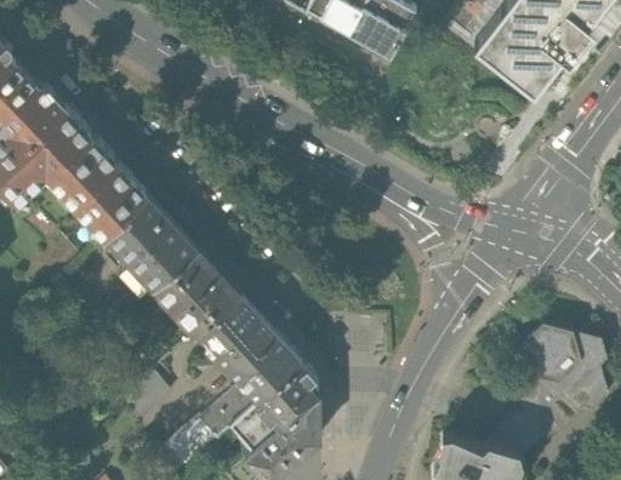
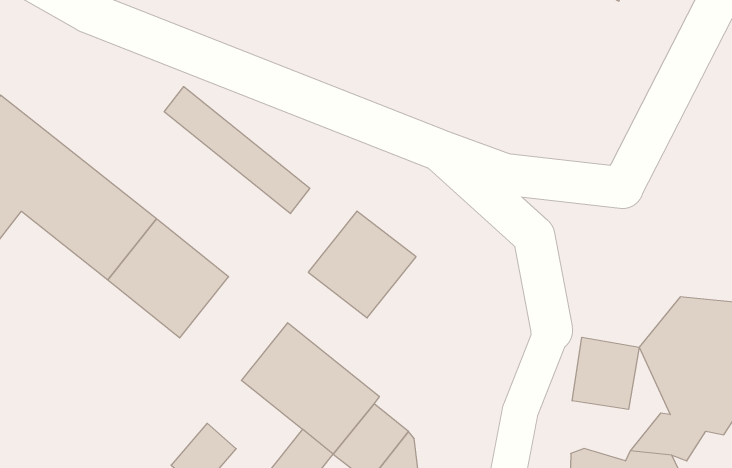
building: none -> [164,87,310,214]
building: [154,252,239,336] -> [308,211,416,318]
building: none -> [572,337,639,409]

